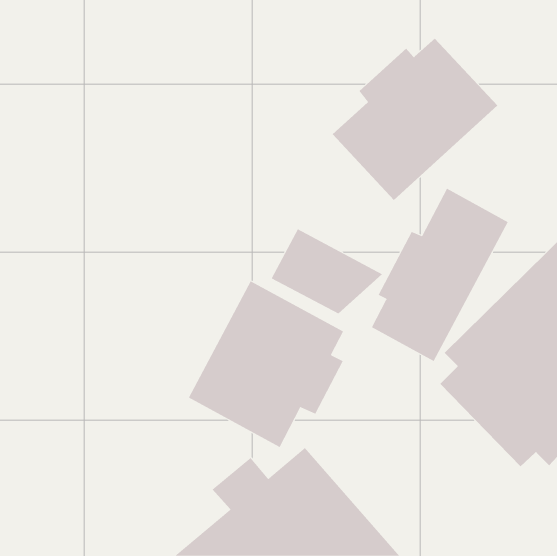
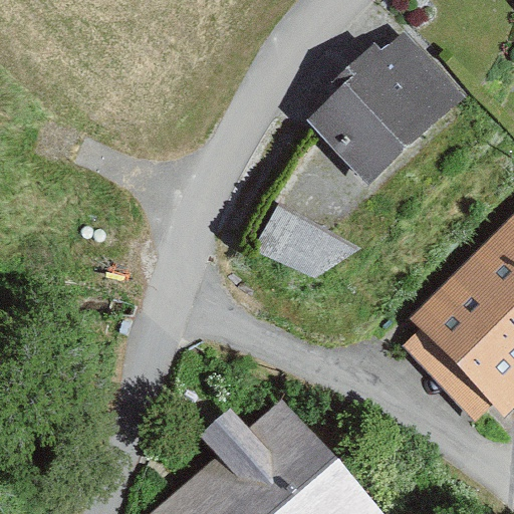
building: [371,188,509,362] -> none
building: [188,280,344,448] -> none

